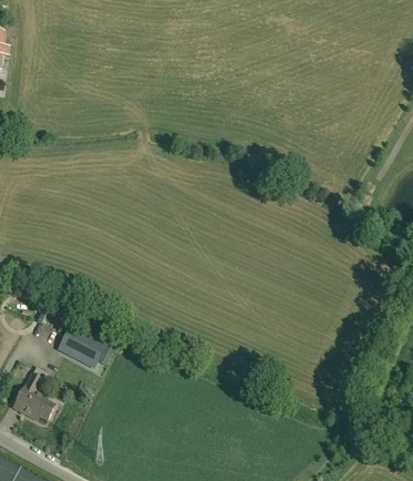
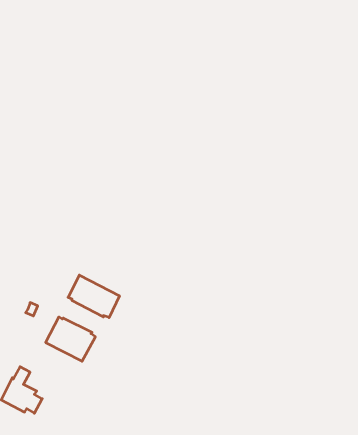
building: none -> [68,275,119,318]

